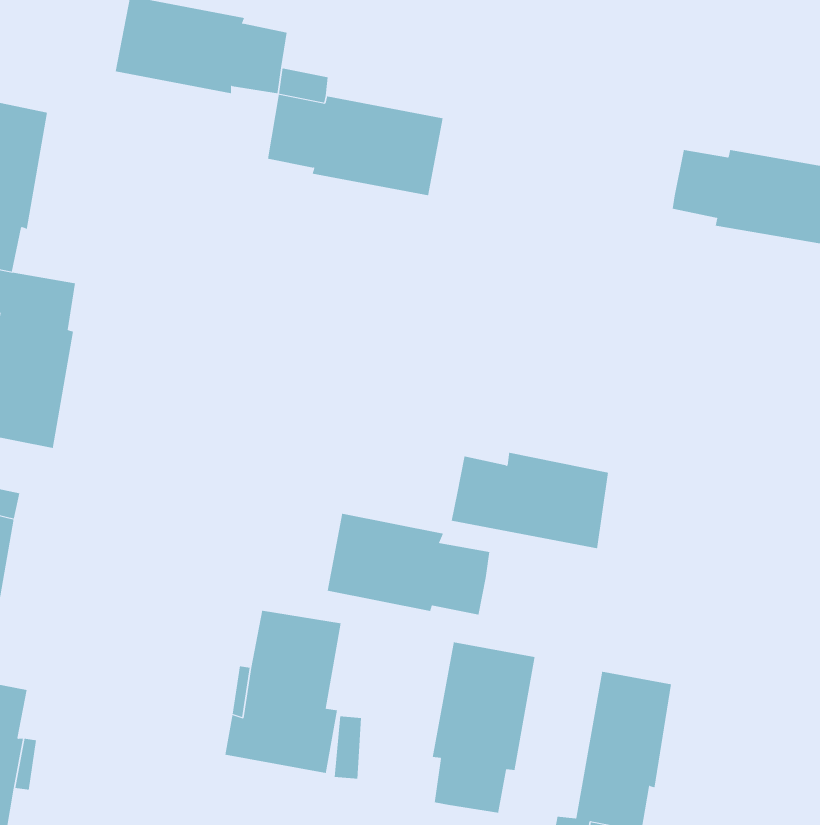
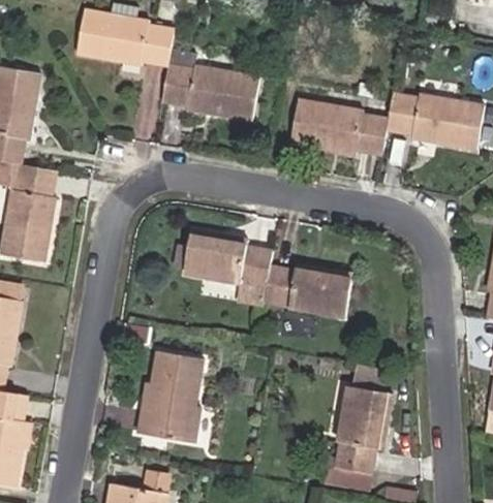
building: none -> [290,99,388,155]
building: [327,513,490,615] -> [182,229,273,286]
building: [432,641,535,813] -> none

